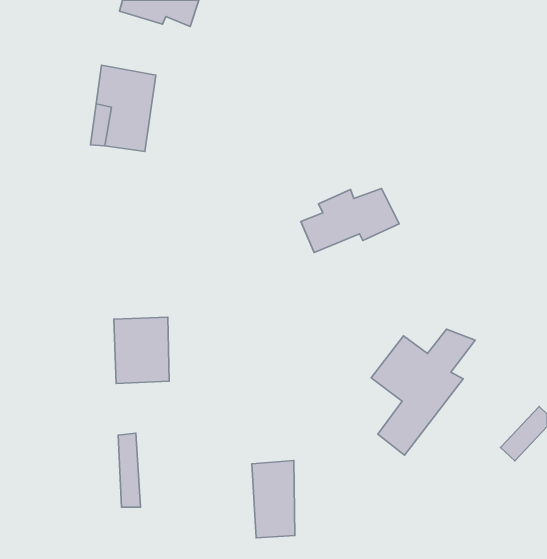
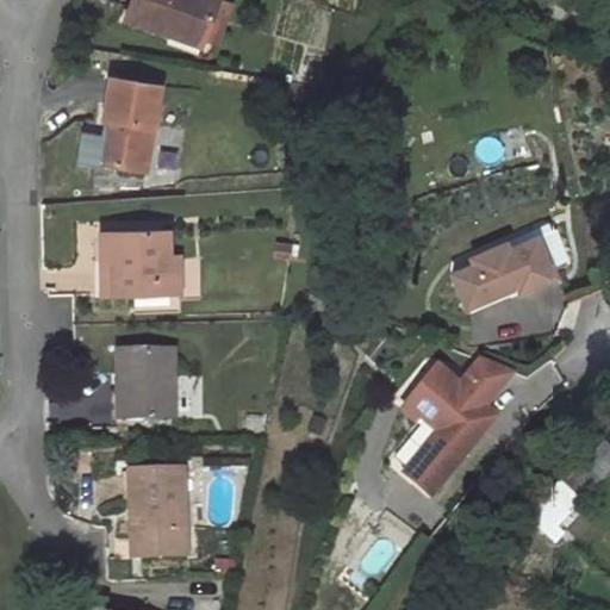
building: [301,188,399,253] -> [450,238,556,307]
building: none -> [104,220,183,288]
building: [252,460,295,538] -> [147,469,193,553]

